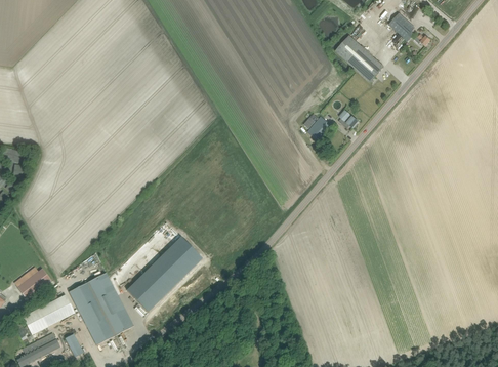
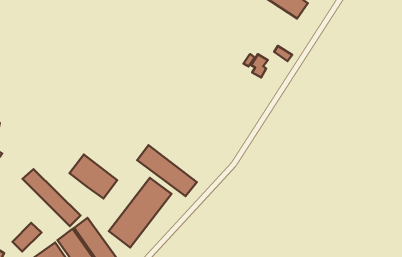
building: none -> [137,145,197,196]
building: none -> [70,155,117,198]
building: none -> [23,169,81,226]

